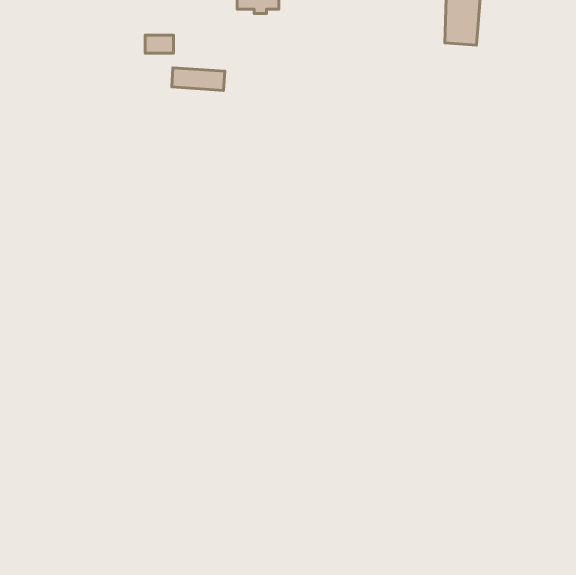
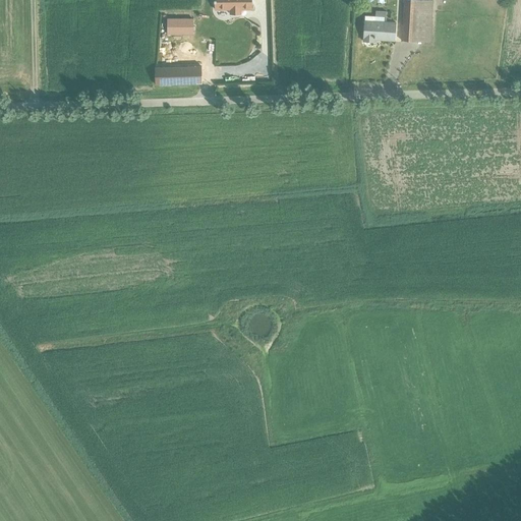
building: none -> [362,8,395,41]
building: [145,35,173,53] -> [167,16,192,33]

